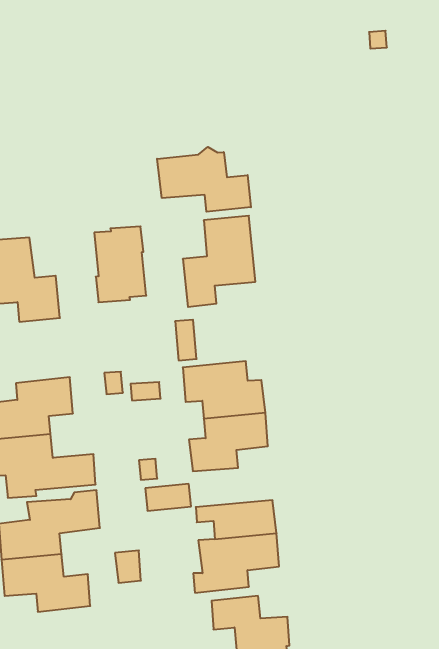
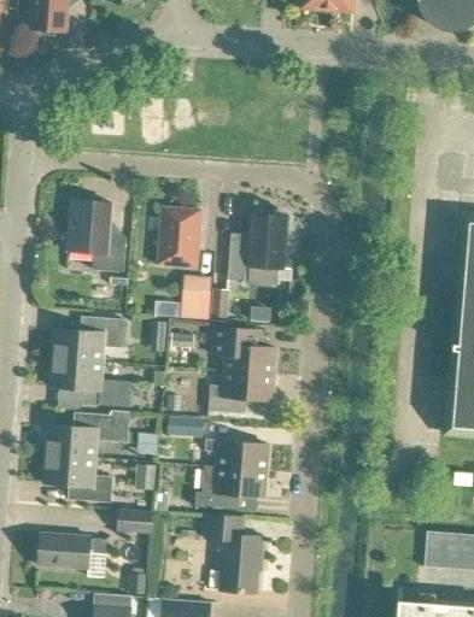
building: [157,147,251,212] -> none
building: none -> [175,276,212,321]
building: none -> [118,509,154,534]

